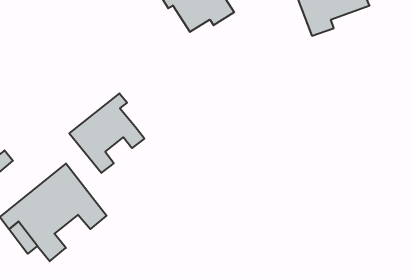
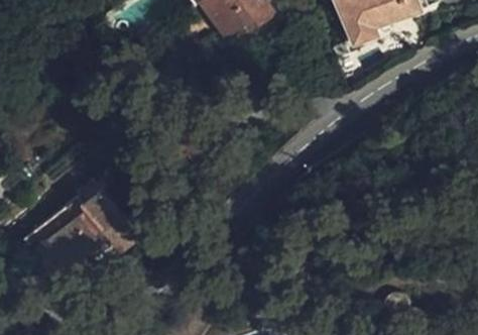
building: [69,93,144,173] -> none

